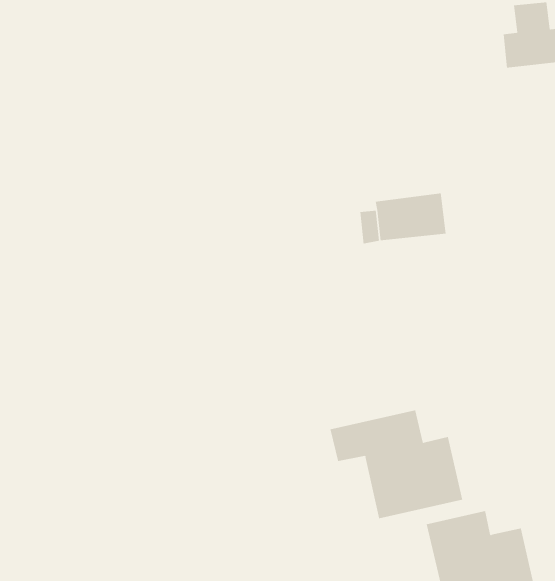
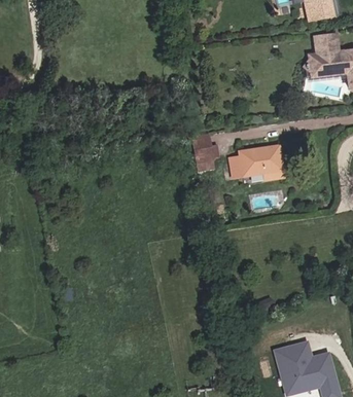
building: none -> [190,138,211,164]
building: [330,409,463,519] -> none

